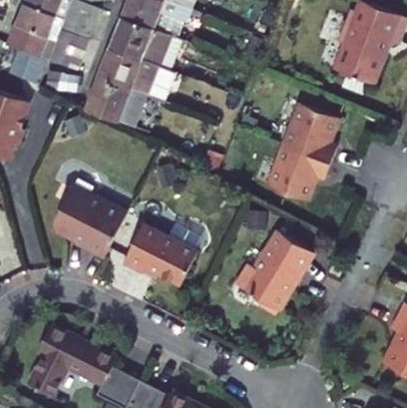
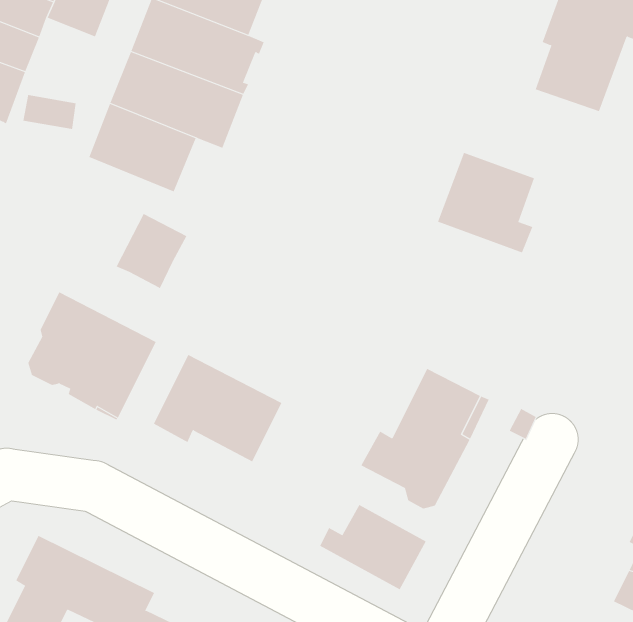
building: [47,28,88,70] -> none
building: none -> [116,213,187,289]
building: [269,145,333,202] -> none
building: none -> [319,504,426,590]

